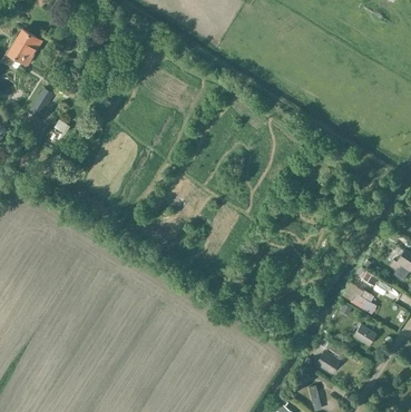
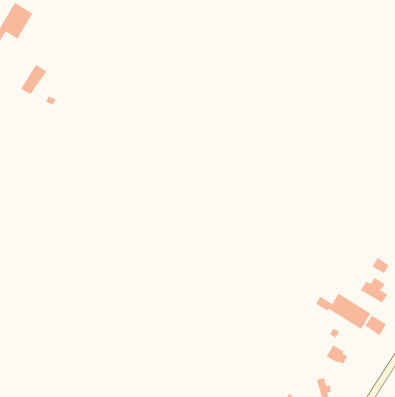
building: none -> [315,293,371,330]

